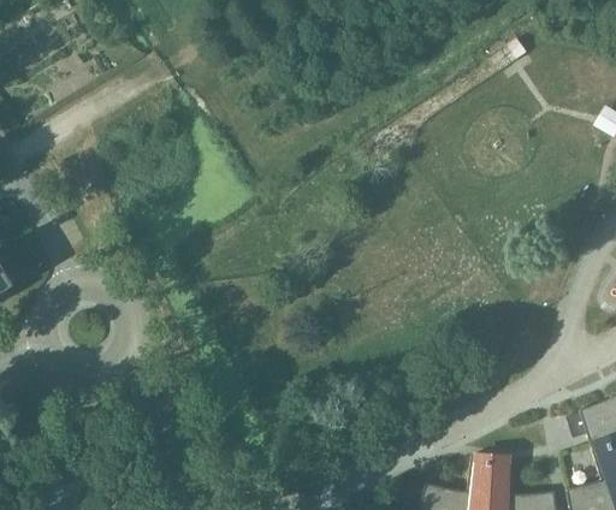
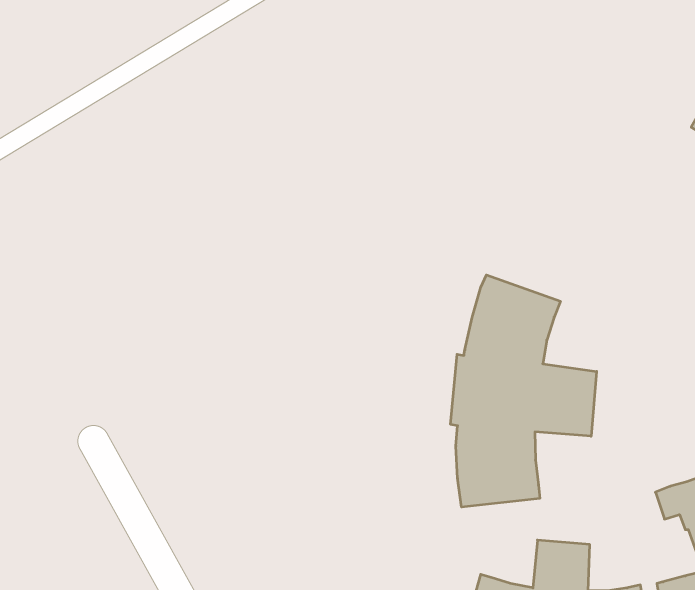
building: none -> [451,275,597,507]

